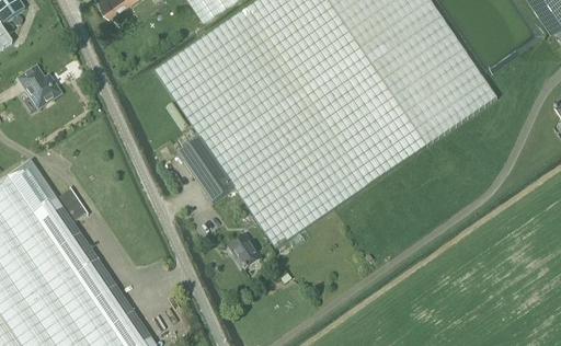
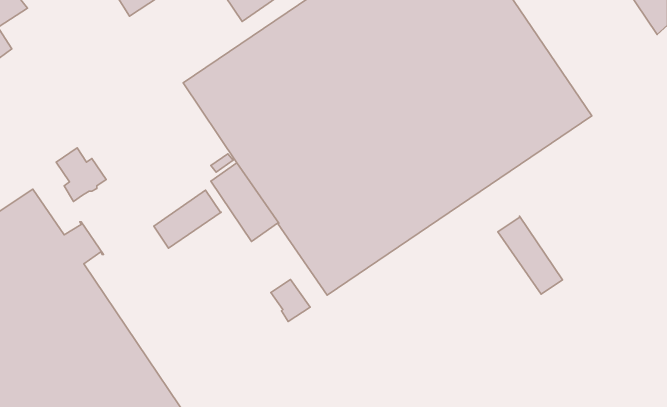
building: [18,66,59,111] -> [56,148,106,202]
building: none -> [154,190,221,248]
building: none -> [498,216,563,294]

